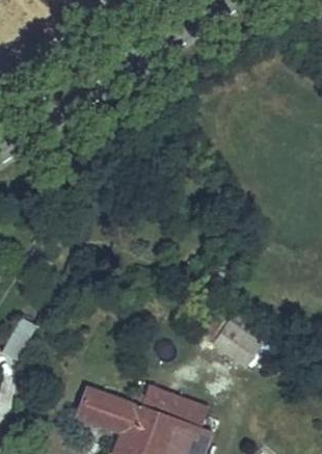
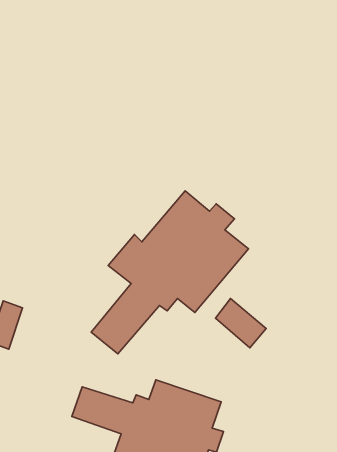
building: none -> [91,191,248,354]

